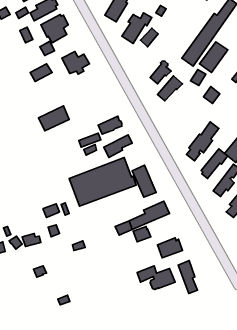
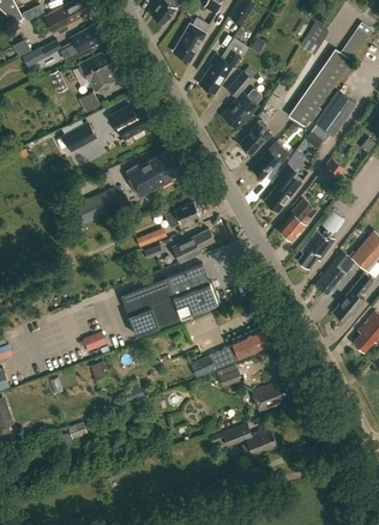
building: none -> [223,89,261,128]
building: none -> [264,150,306,211]
building: none -> [125,151,179,197]
building: none -> [279,198,317,239]
building: [132,165,156,197] -> none
building: [178,261,198,294] -> none

